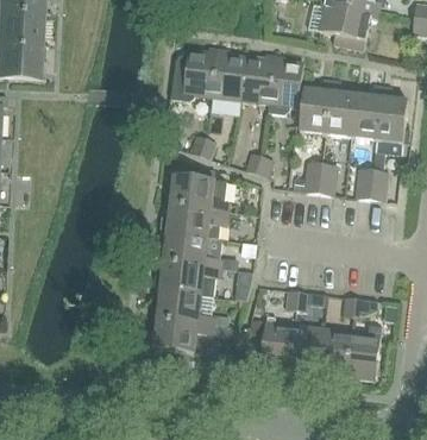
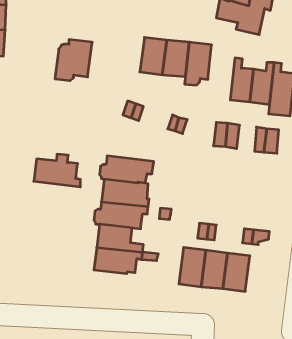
building: [170,49,218,101] -> [55,40,92,81]
building: [301,77,333,132] -> none
building: [170,169,230,210] -> [34,154,80,187]
building: [346,323,382,379] -> none

